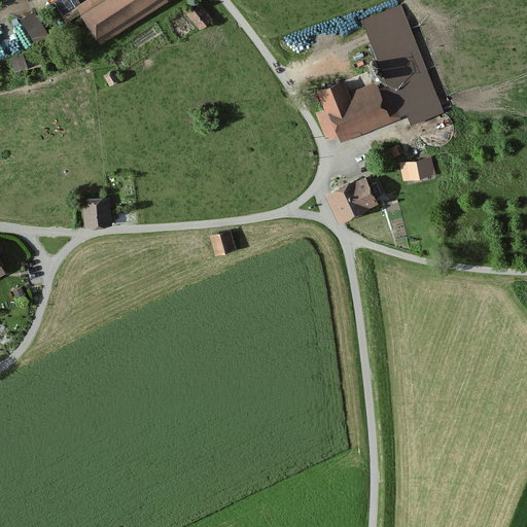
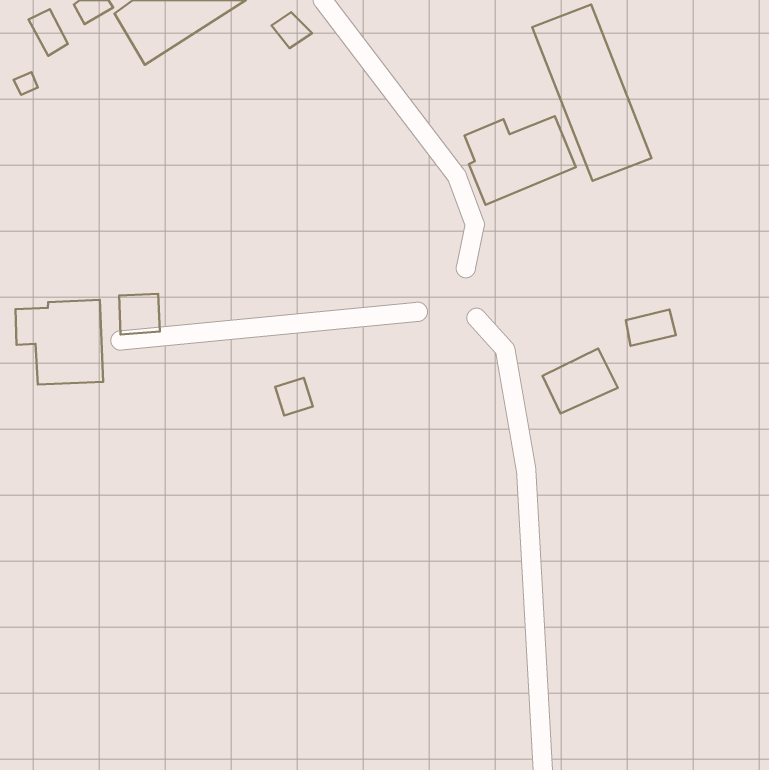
building: [399,157,433,182] -> [626,310,676,346]
building: [325,178,377,222] -> [542,349,618,413]
building: none -> [15,300,103,384]
building: [209,231,235,256] -> [275,378,313,416]

